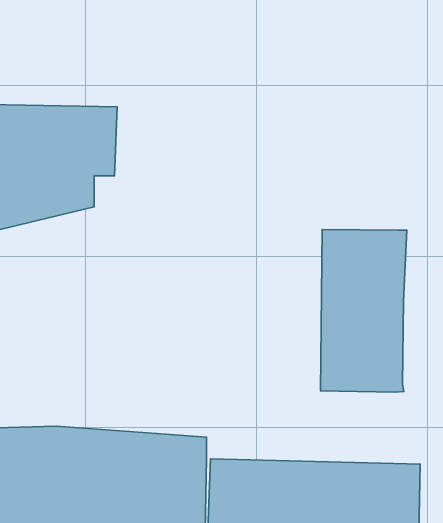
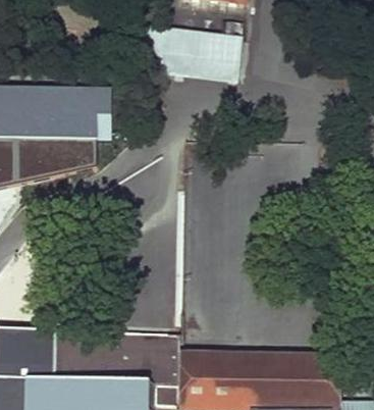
building: none -> [132,27,246,79]
building: [320,230,407,392] -> none

